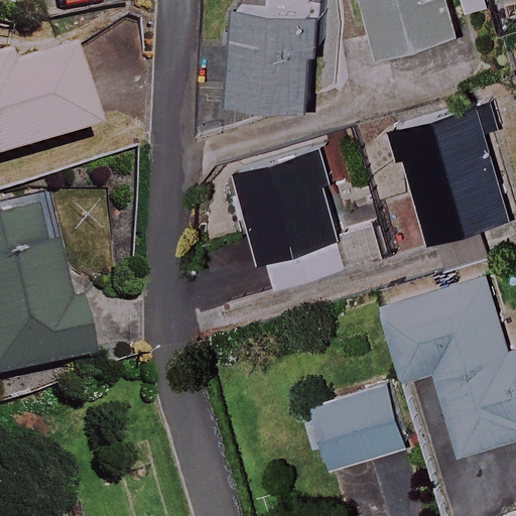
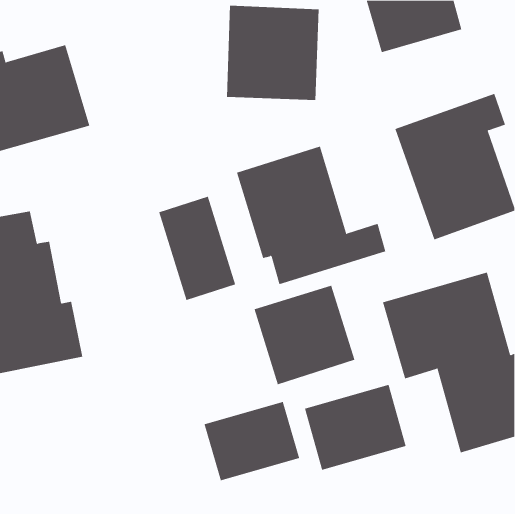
building: none -> [158,196,236,301]
building: none -> [254,285,355,385]
building: none -> [204,401,300,481]

